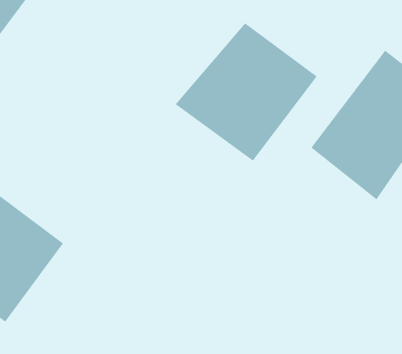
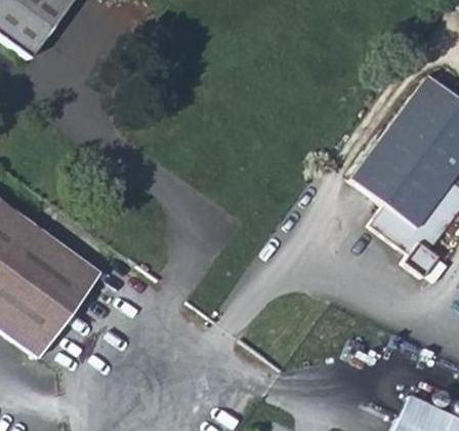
building: [175,23,318,162] -> none

